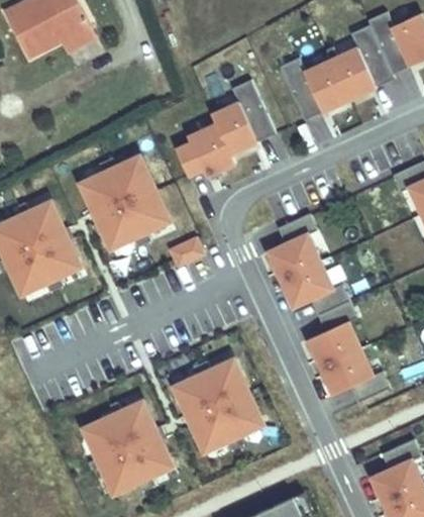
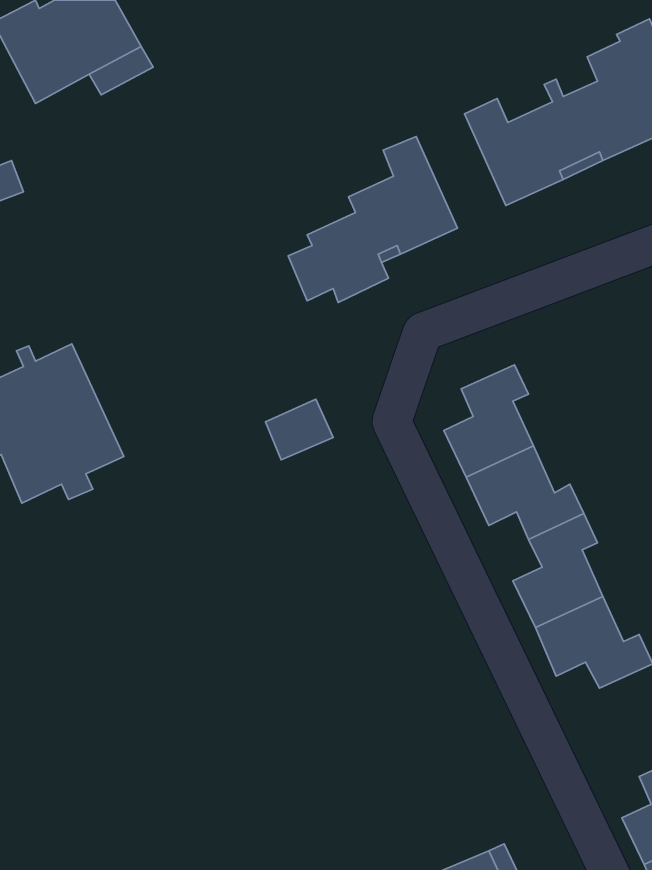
building: [80,156,170,248] -> none
building: [173,358,262,451] -> none
building: [83,401,172,494] -> none

